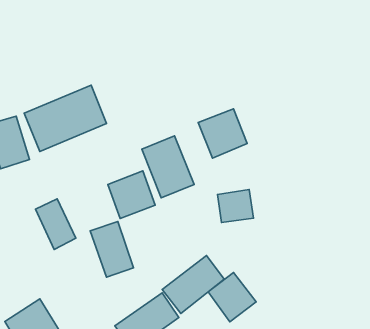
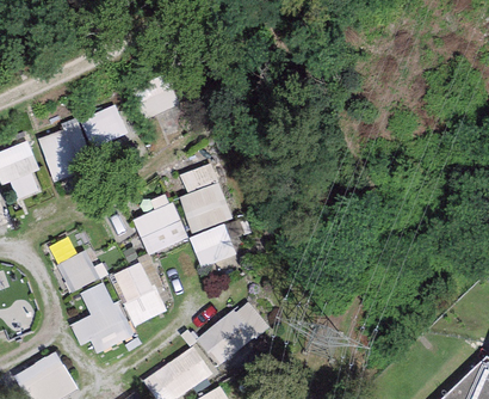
building: [198,109,247,158] -> none
building: [217,189,253,222] -> [193,227,235,265]
building: none -> [78,280,129,352]
building: [208,273,256,322] -> none

